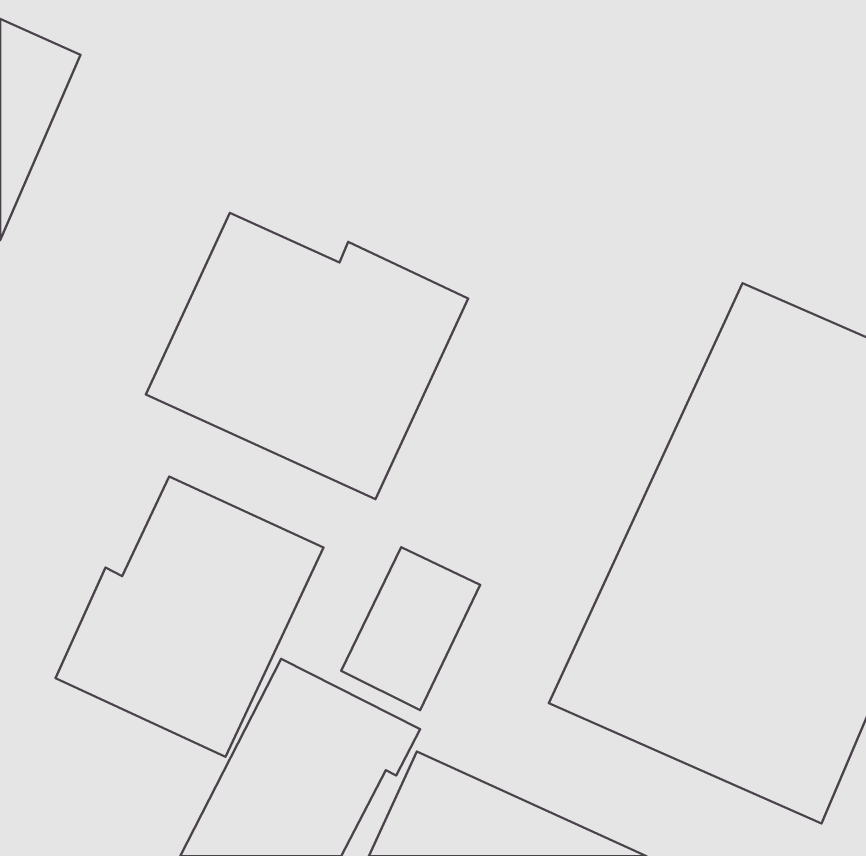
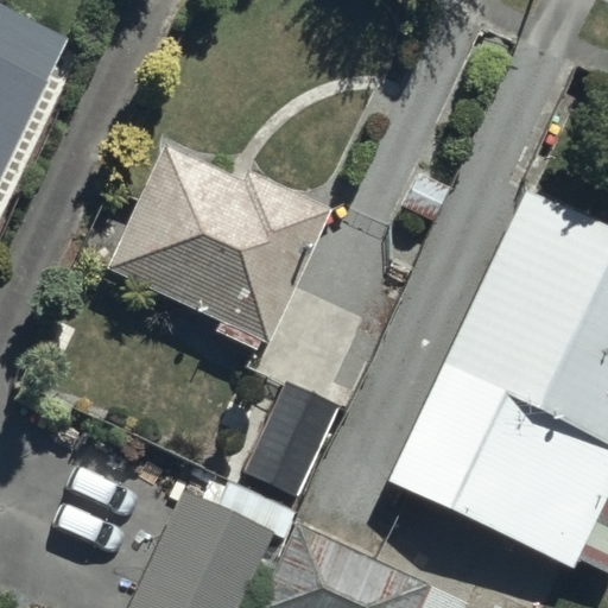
building: [55,476,323,757] -> none

